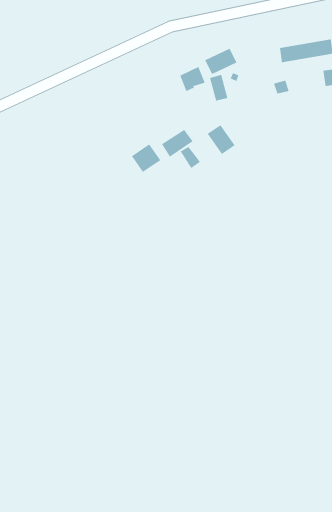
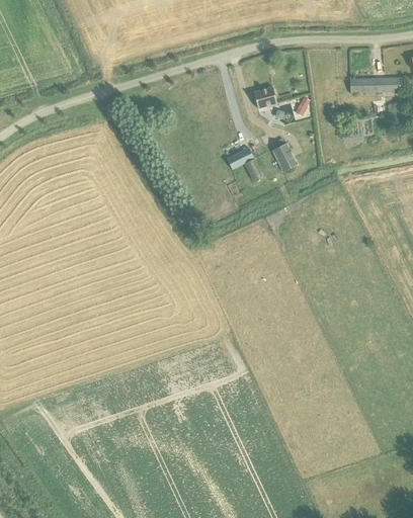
building: [205,48,237,75] -> none
building: [131,144,161,173] -> none

